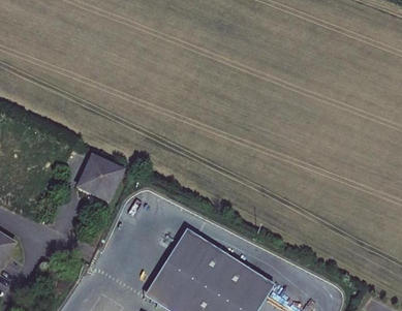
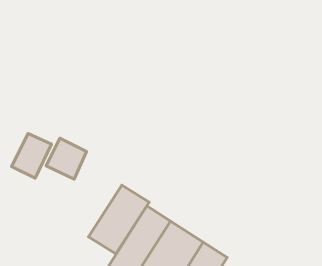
building: none -> [11,133,52,178]
building: none -> [89,185,149,254]

